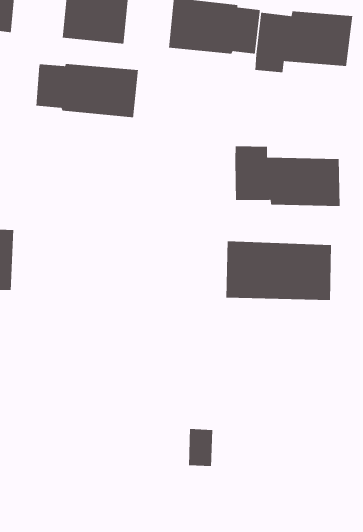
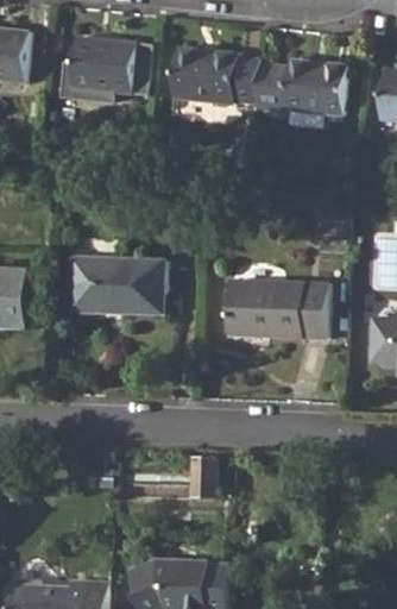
building: [35,63,139,118] -> none
building: [234,145,341,207] -> none
building: none -> [69,256,163,312]

